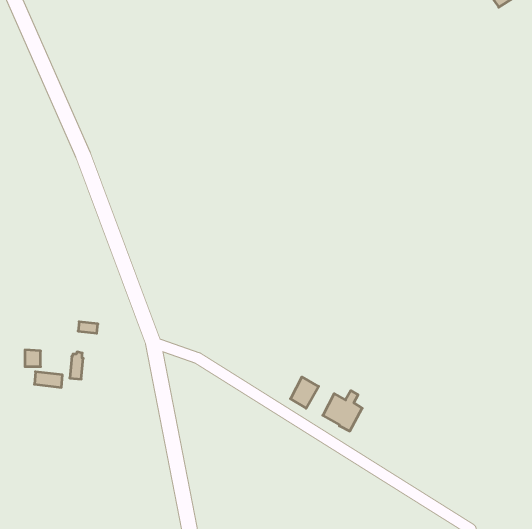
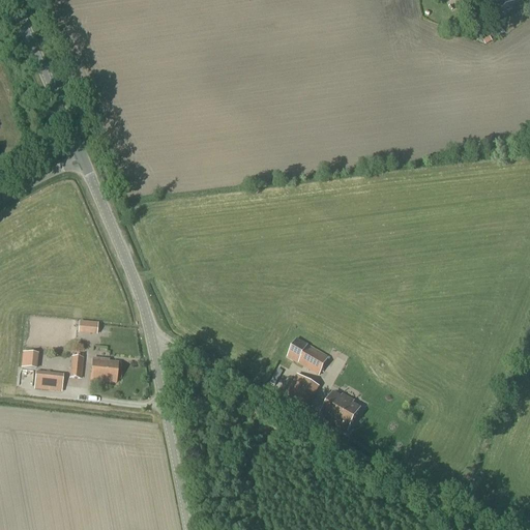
building: none -> [287,336,328,374]
building: none -> [90,357,117,381]

